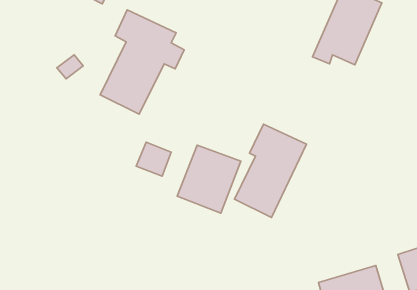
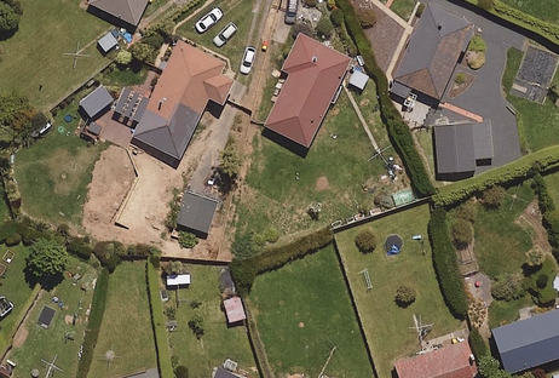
building: none -> [436,122,492,172]
building: [234,124,307,217] -> [264,34,351,147]
building: [177,145,241,213] -> none

